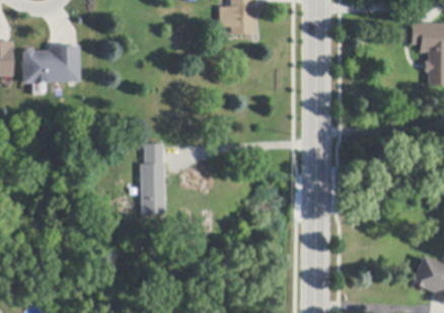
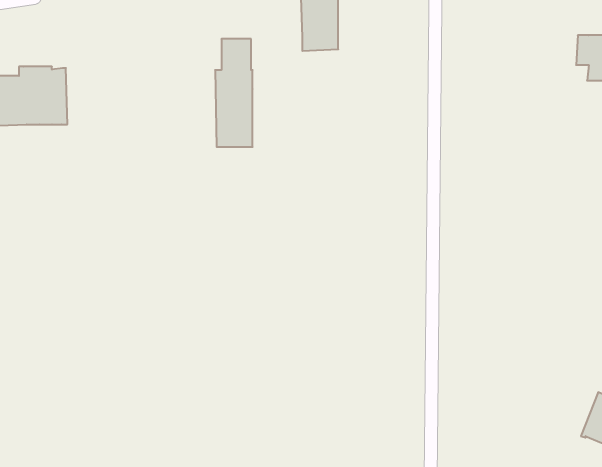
building: [140,143,164,213] -> [215,39,253,147]

